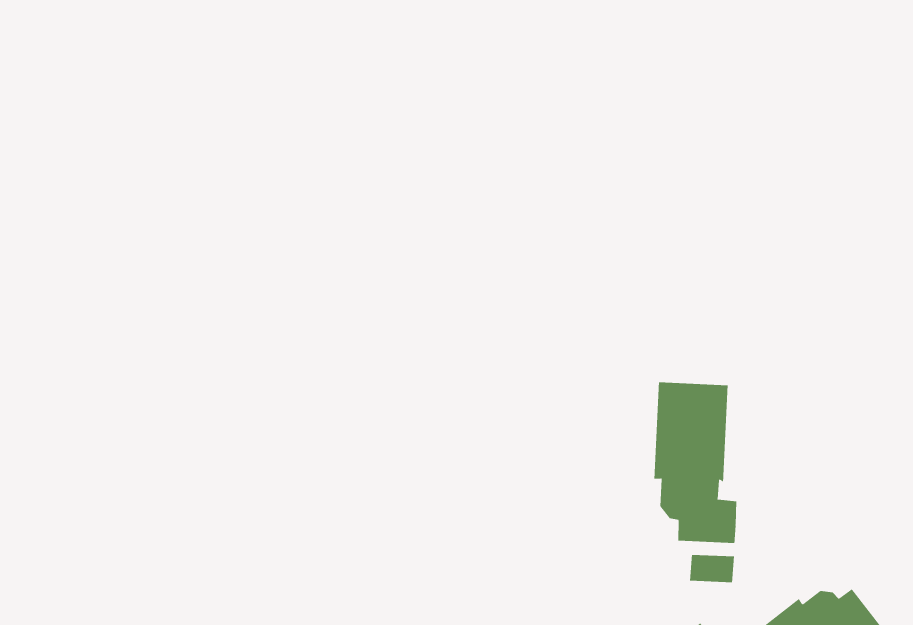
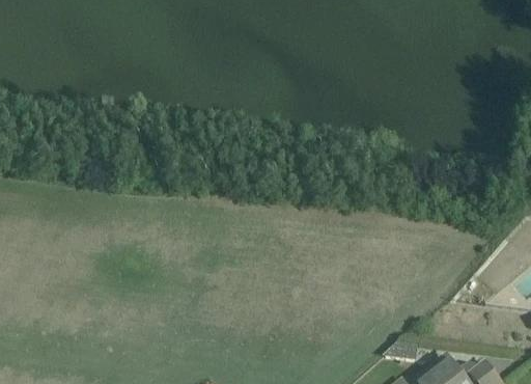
building: [654,382,737,544] -> none

